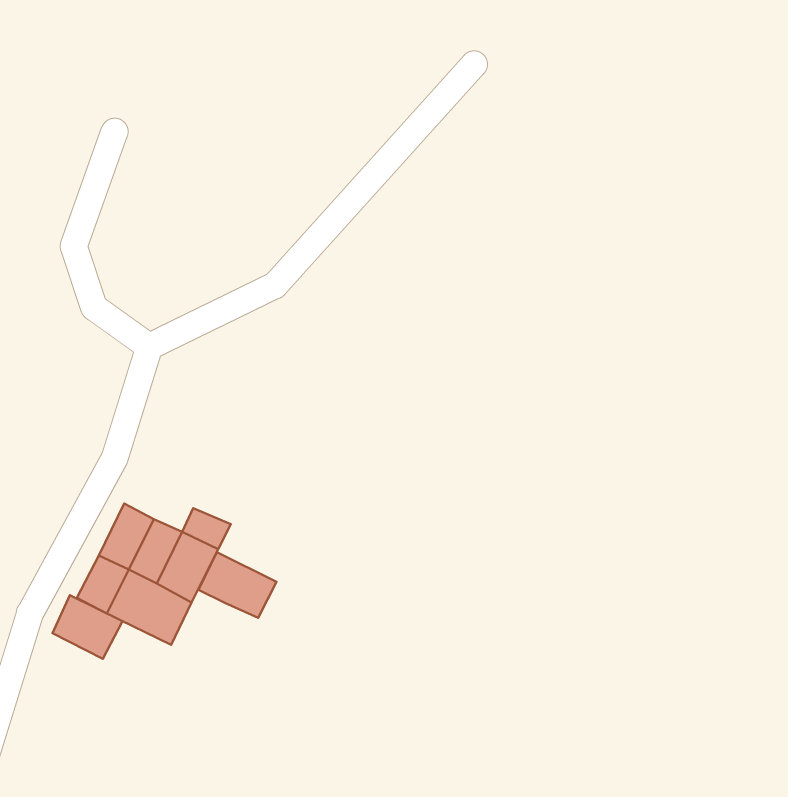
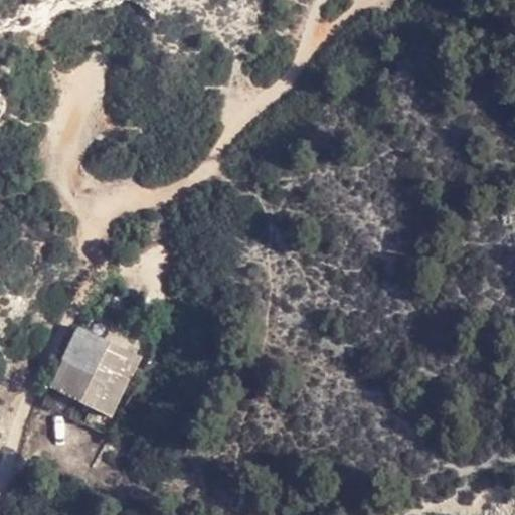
building: [198,552,276,618] -> none
building: [52,595,122,659] -> none

